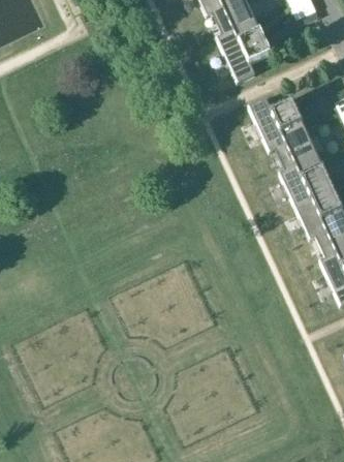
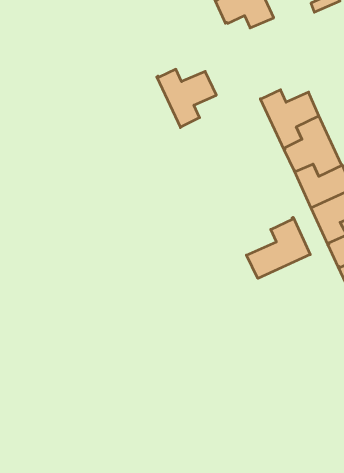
building: [216,27,271,81] -> [157,69,216,128]
building: none -> [246,217,310,278]

